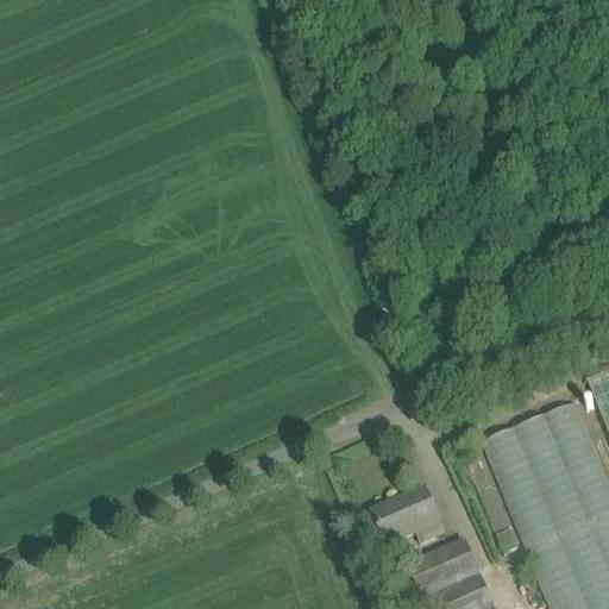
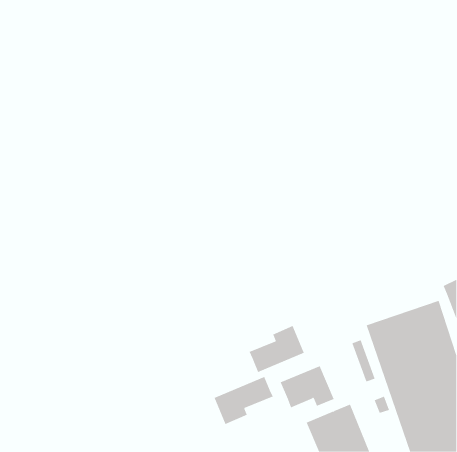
building: none -> [249,325,305,373]
building: none -> [214,376,273,425]

